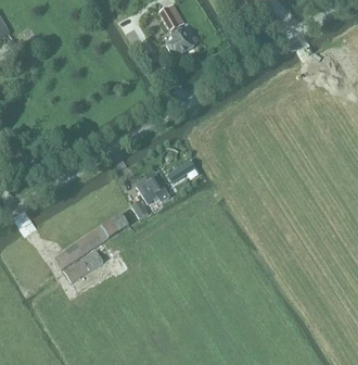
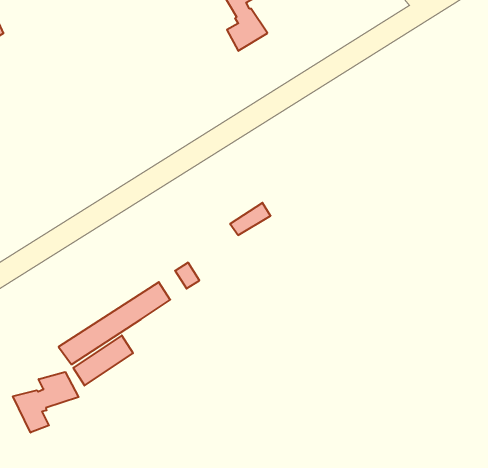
building: [136,174,168,204] -> none
building: none -> [13,372,79,433]

